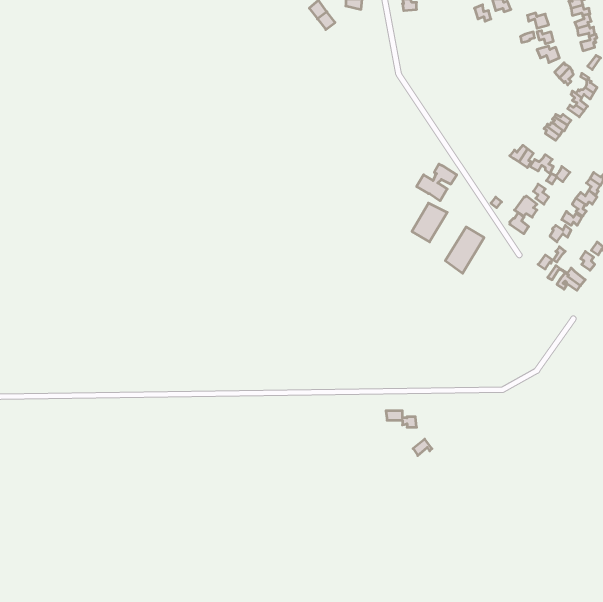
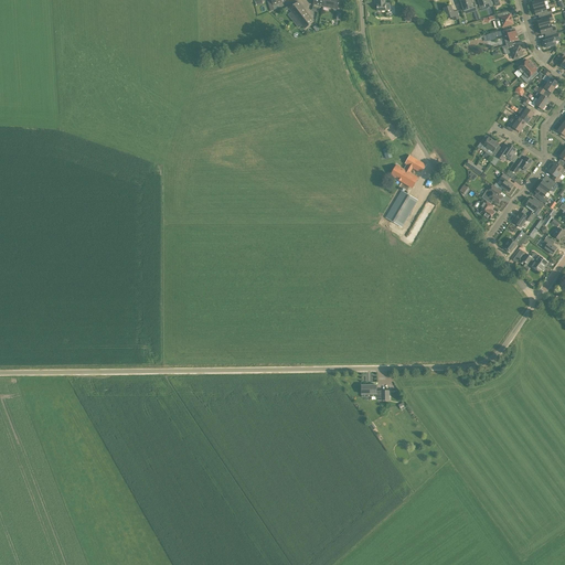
building: [445,227,484,273] -> none

